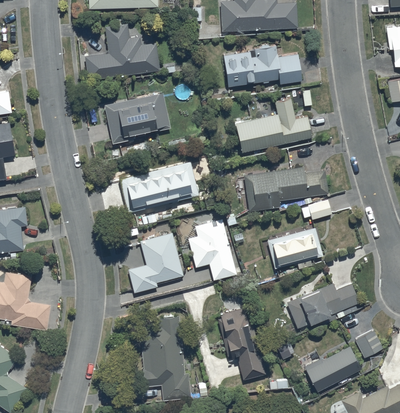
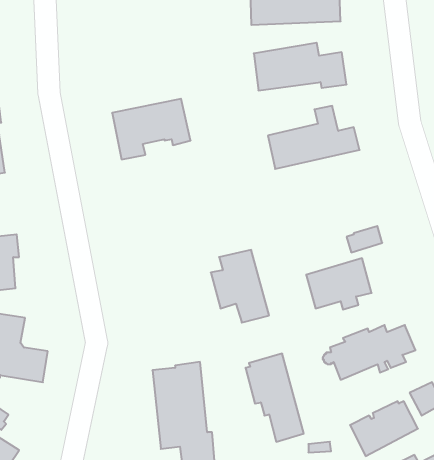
building: [86,24,159,80] -> none
building: [120,161,199,212] -> none
building: [245,167,329,211] -> none
building: [128,233,184,293] -> none

